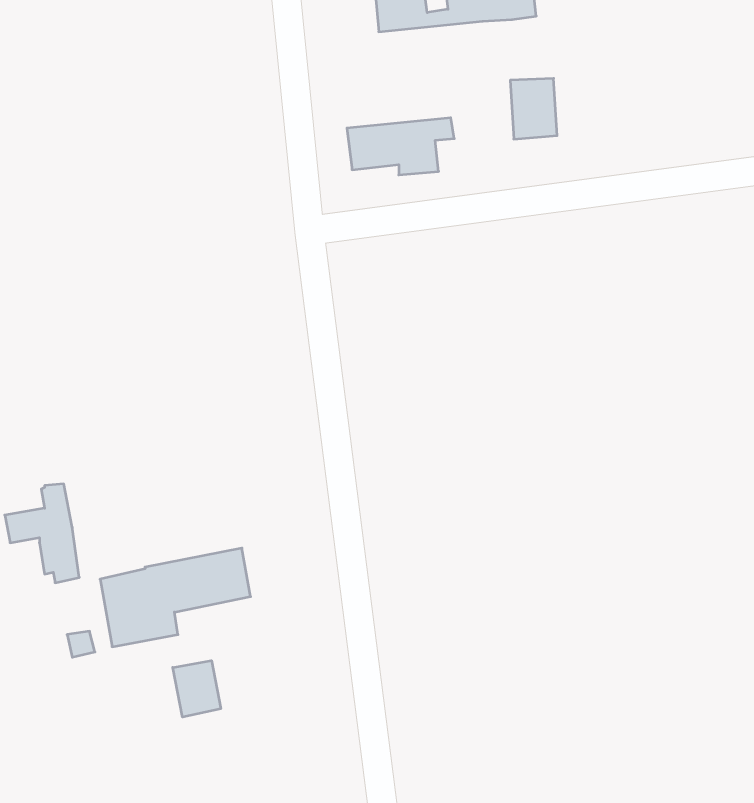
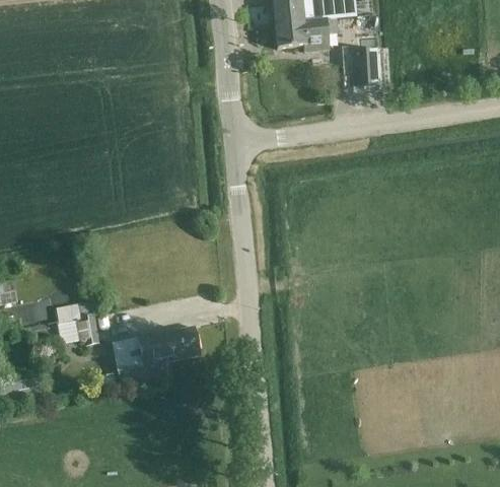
building: [347,118,454,175] -> [275,16,338,50]
building: [173,661,221,717] -> none

